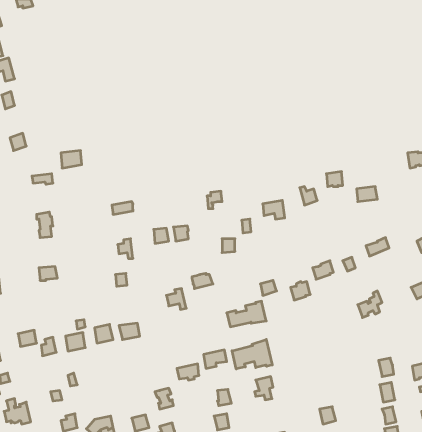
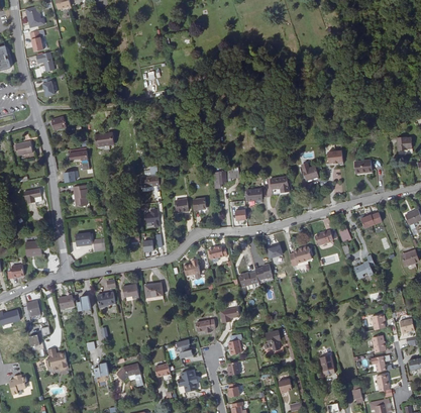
building: [232,339,272,369] -> none

